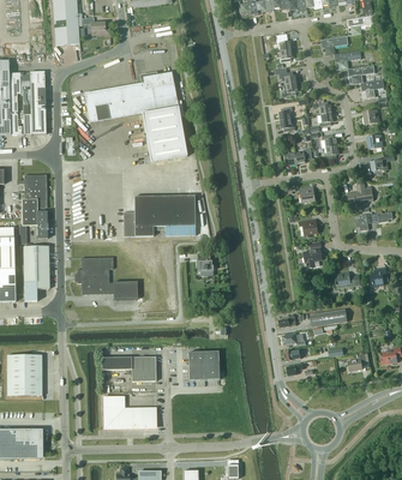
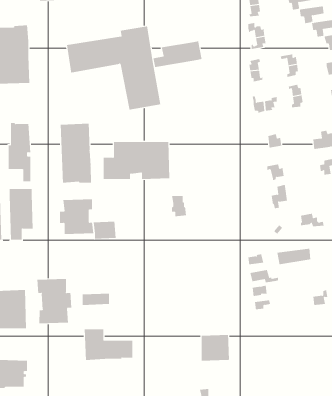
building: none -> [153,41,202,68]
building: none -> [60,123,91,184]
building: none -> [37,278,72,324]
building: [188,349,220,379] -> [201,333,230,361]
building: [131,356,156,380] -> none

